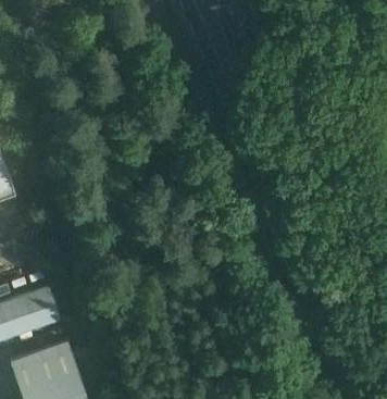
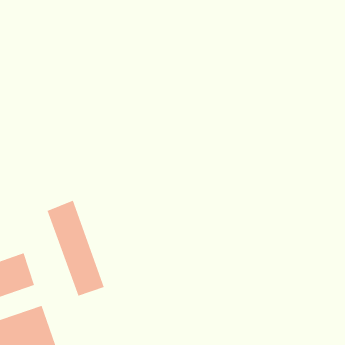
building: none -> [47,200,104,297]

